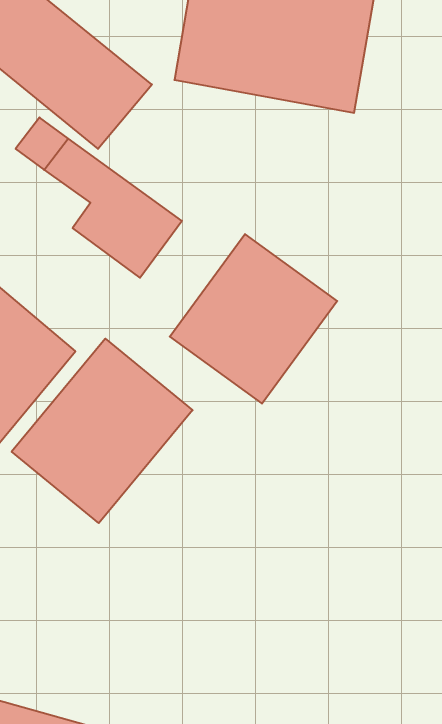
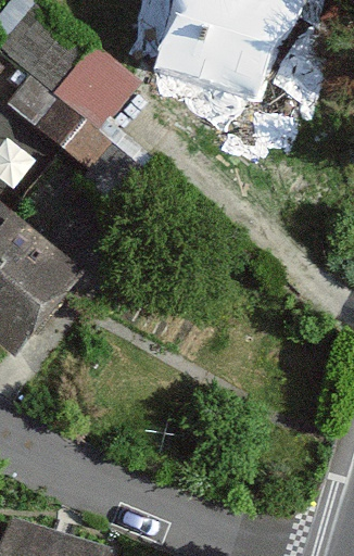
building: [170,234,337,404] -> none
building: [12,339,193,523] -> none

